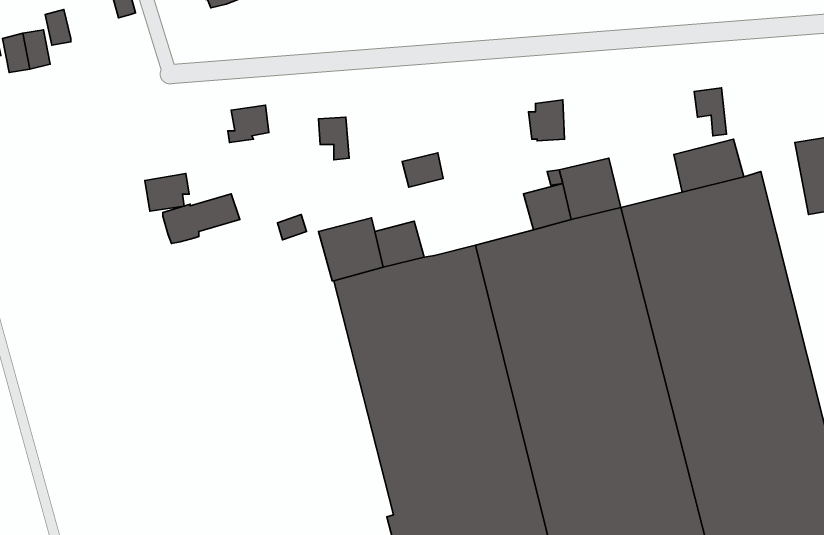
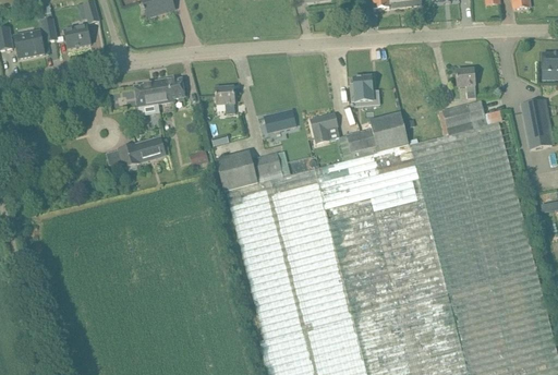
building: none -> [64,25,90,48]
building: none -> [310,112,340,143]
building: [145,174,189,211] -> [134,82,162,106]

